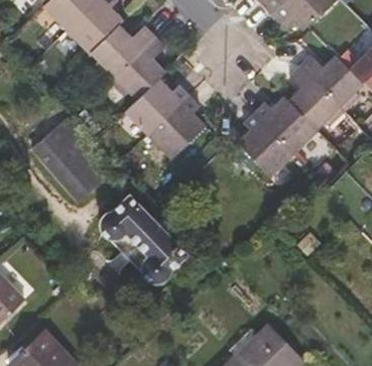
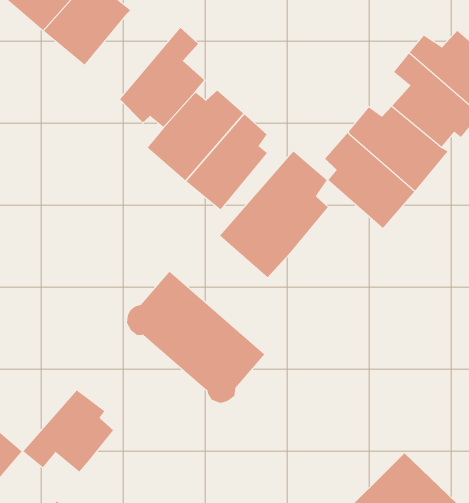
building: [85,21,152,78] -> none
building: [28,116,110,201] -> none
building: none -> [219,150,329,278]
building: none -> [23,389,114,473]

